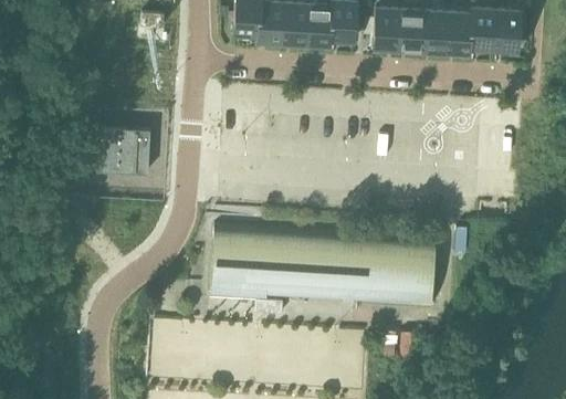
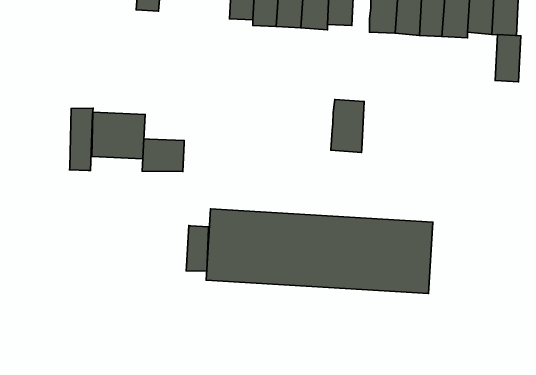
building: none -> [495,35,521,82]
building: none -> [331,99,364,153]
building: none -> [70,108,93,171]
building: none -> [142,139,184,172]
building: none -> [186,225,209,271]

